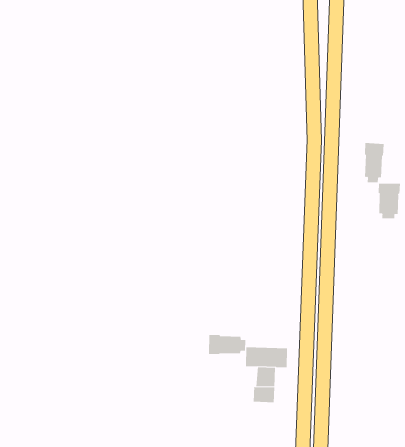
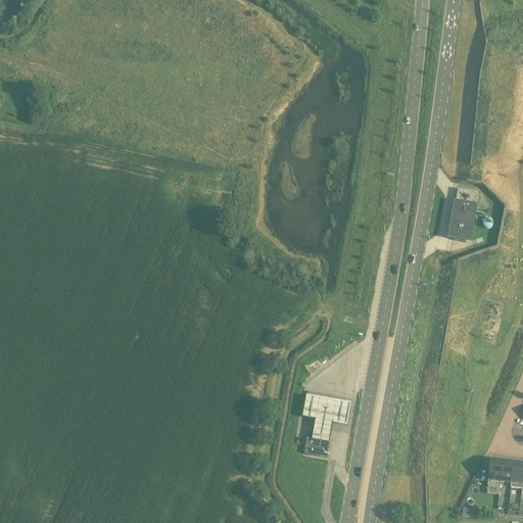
building: [378,183,400,219] -> none
building: [209,334,246,355] -> none

